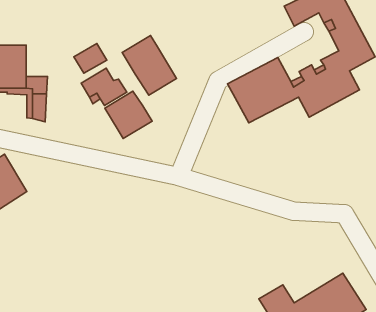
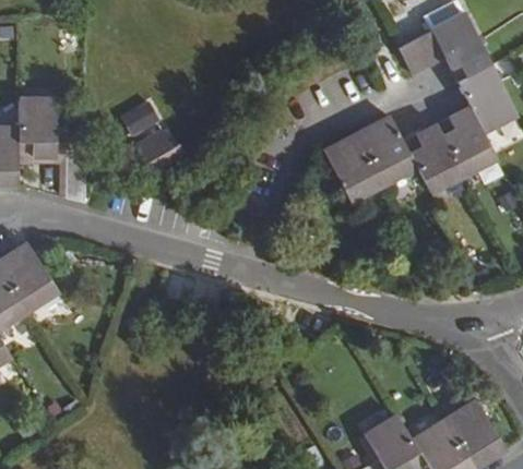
building: [122,35,176,95] -> none
building: [105,91,152,139] -> none

